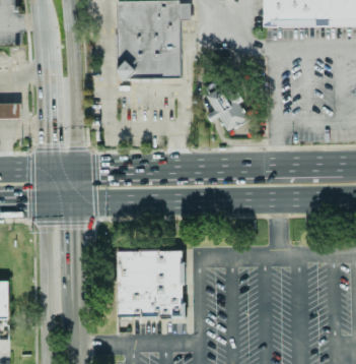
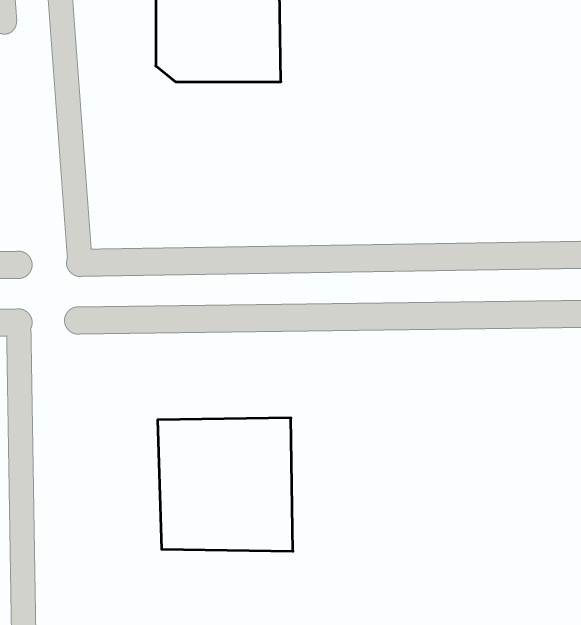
building: [206,82,250,131] -> none

